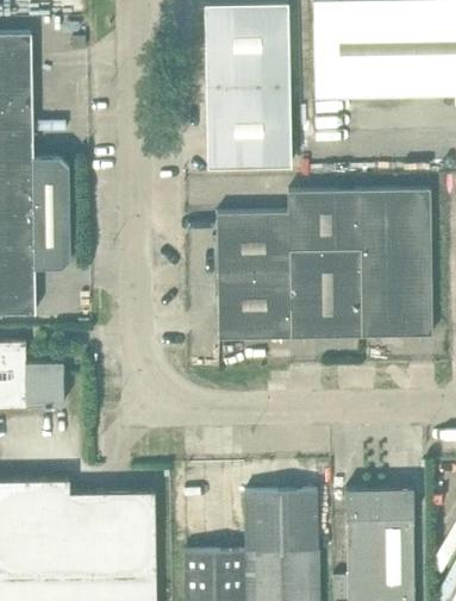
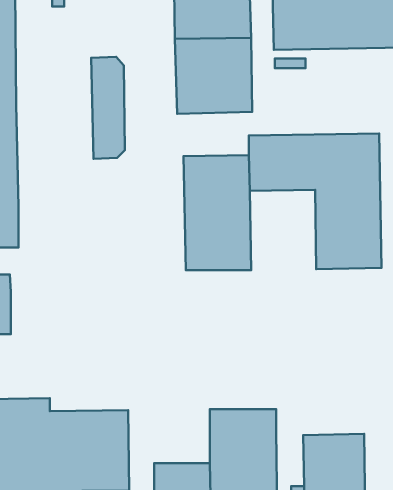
building: [32,158,69,270] -> [91,57,125,159]
building: [288,252,361,340] -> none
building: [26,363,63,409] -> none
building: [345,490,413,521] -> none

